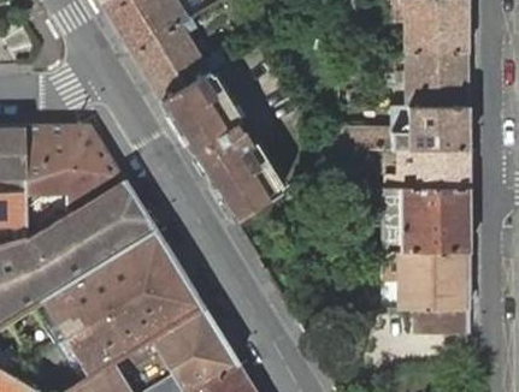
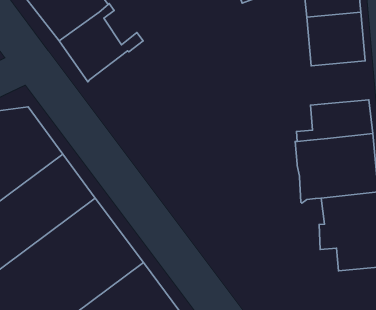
building: [160,70,283,220] -> none
building: [314,105,468,161] -> none

